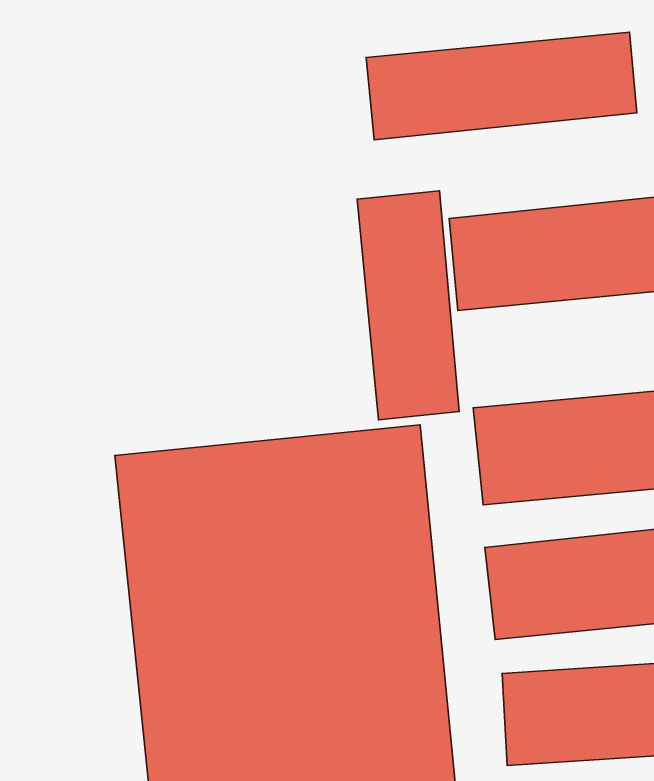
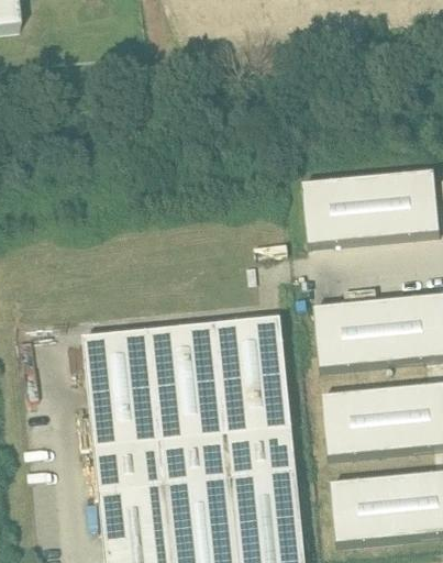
building: [366,32,637,140] -> none
building: [357,191,459,420] -> none

